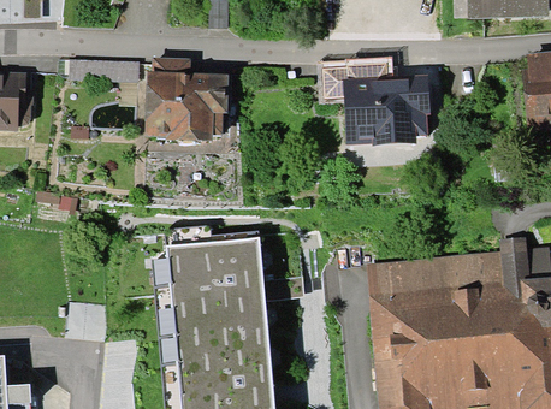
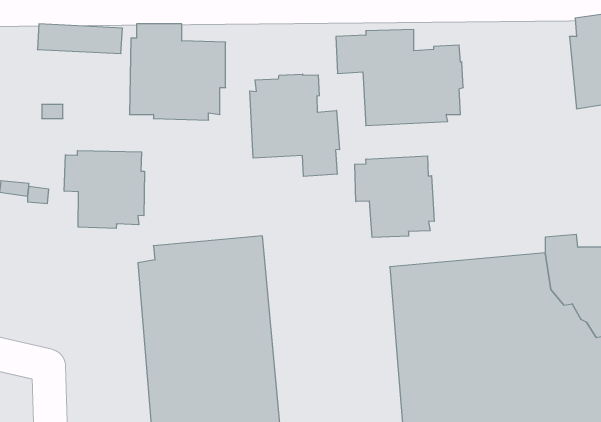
building: none -> [250,74,340,176]
building: none -> [64,151,144,228]
building: none -> [355,156,434,237]

